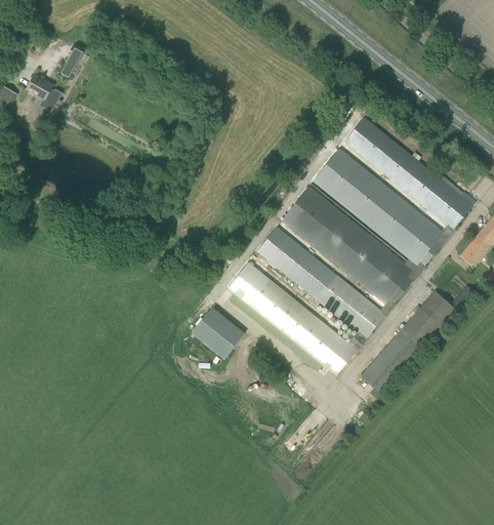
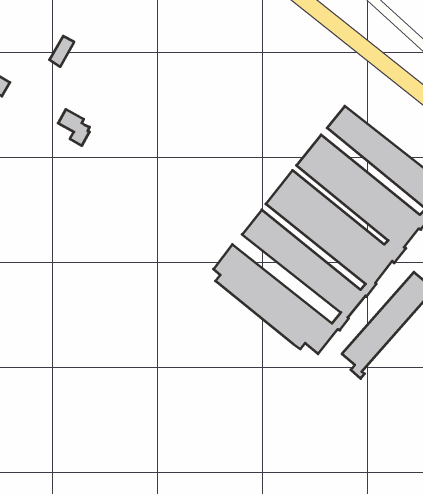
building: [26,74,58,112] -> [58,109,90,146]
building: [191,306,244,358] -> none

